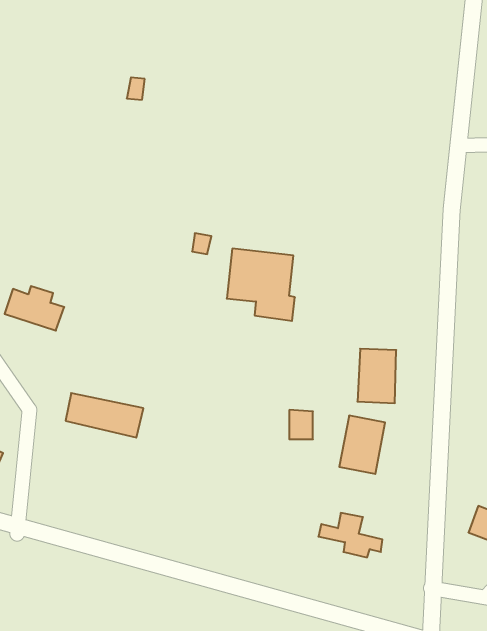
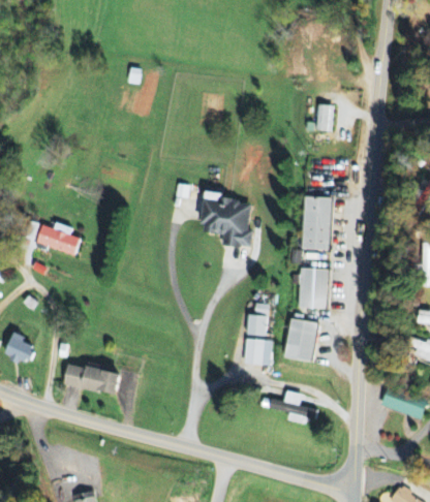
building: none -> [315,103,333,131]
building: none -> [302,196,332,250]
building: [66,393,143,438] -> [62,363,120,396]
building: none -> [243,339,271,365]

